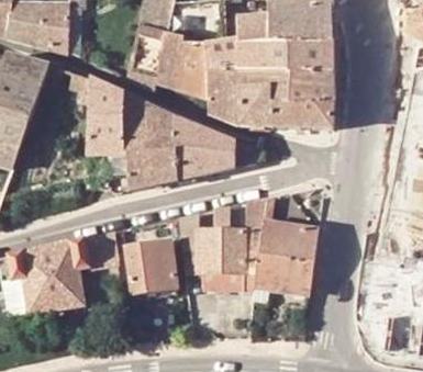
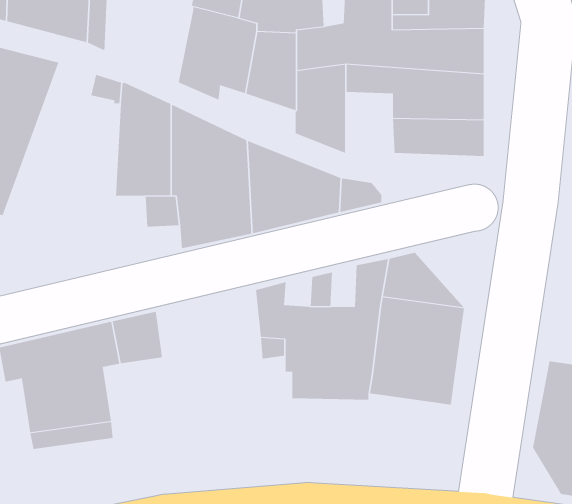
building: [241,86,272,126] -> none
building: [126,239,177,294] -> none

